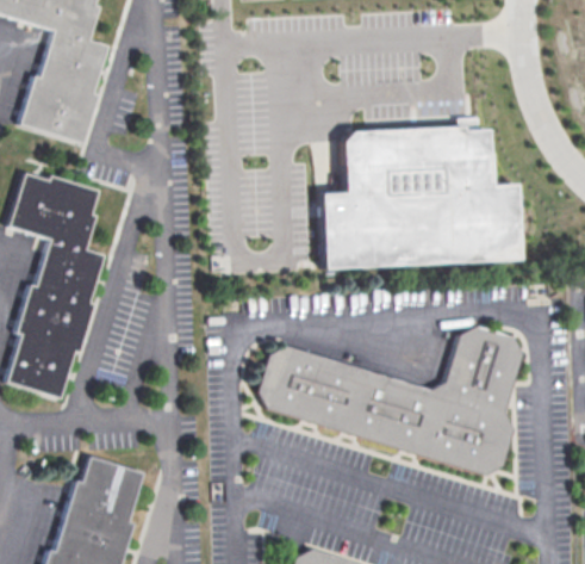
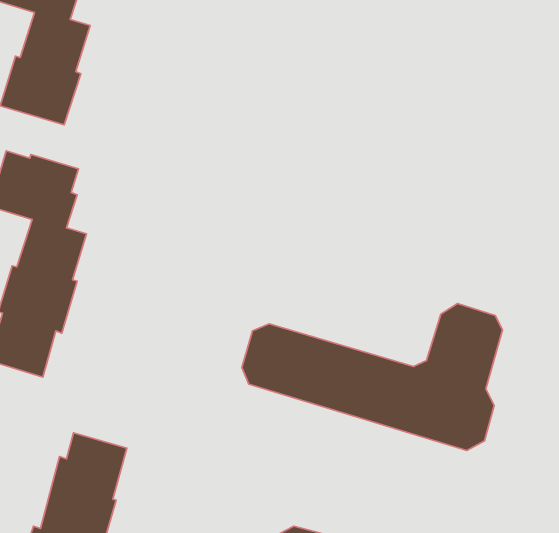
building: [320,118,518,268] -> none

